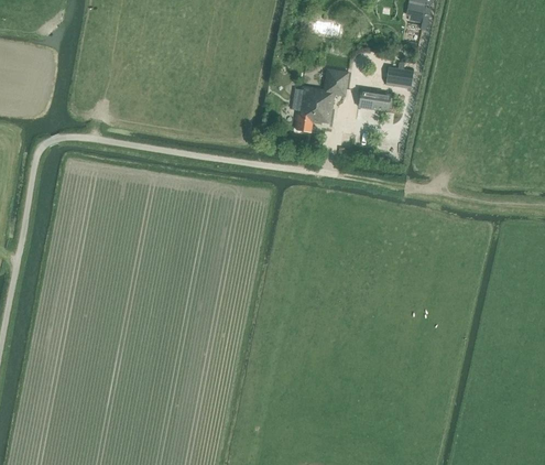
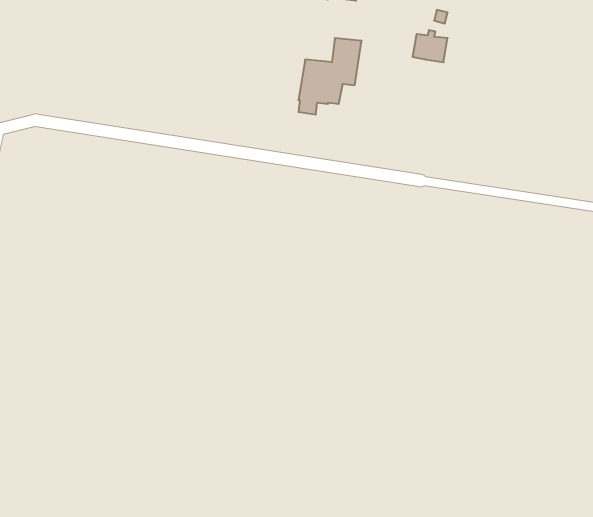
building: [360,90,391,111] -> none

